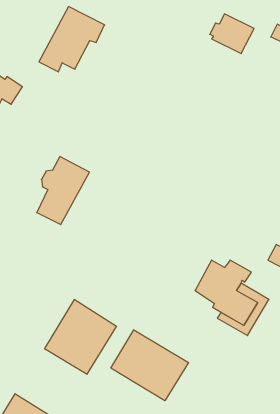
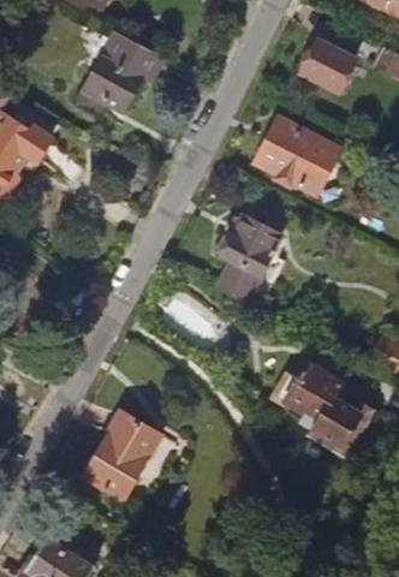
building: none -> [254,113,340,194]
building: [37,156,89,225] -> [215,213,284,302]
building: [111,330,188,401] -> none

